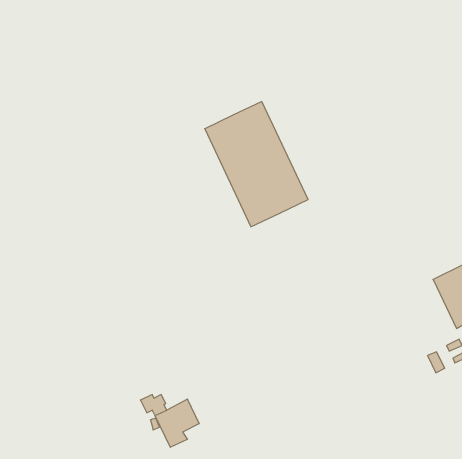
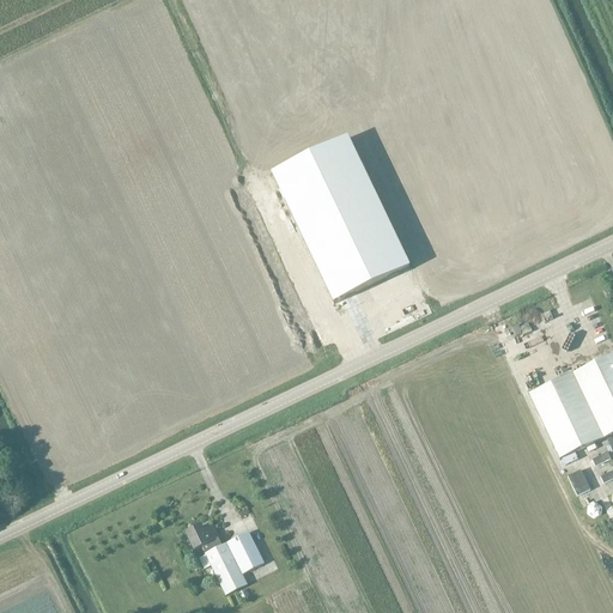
building: none -> [530,369,605,455]

